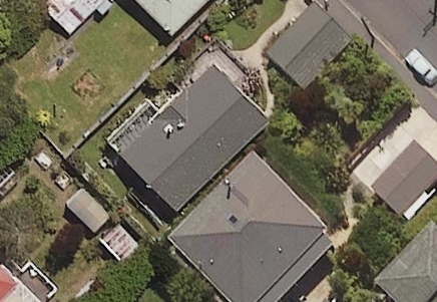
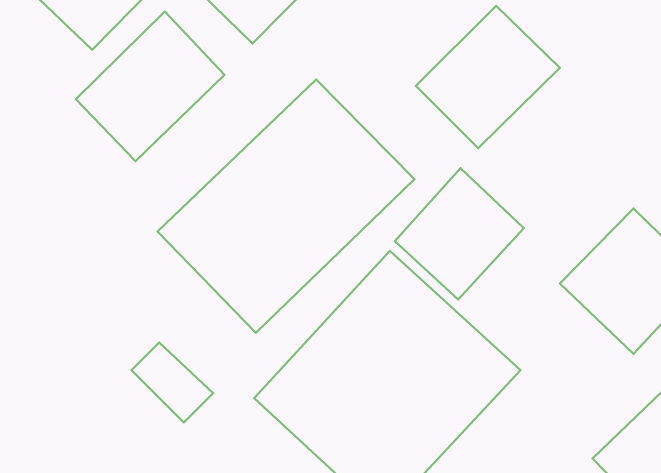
building: none -> [76,11,225,161]
building: none -> [395,168,524,300]

